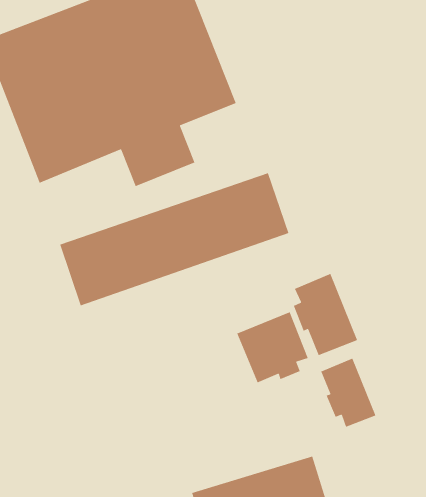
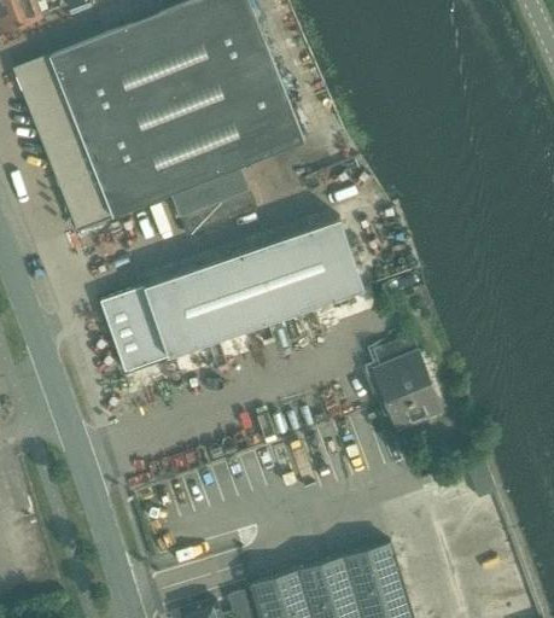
building: [236,311,309,383] -> none
building: [320,358,376,428] -> none

